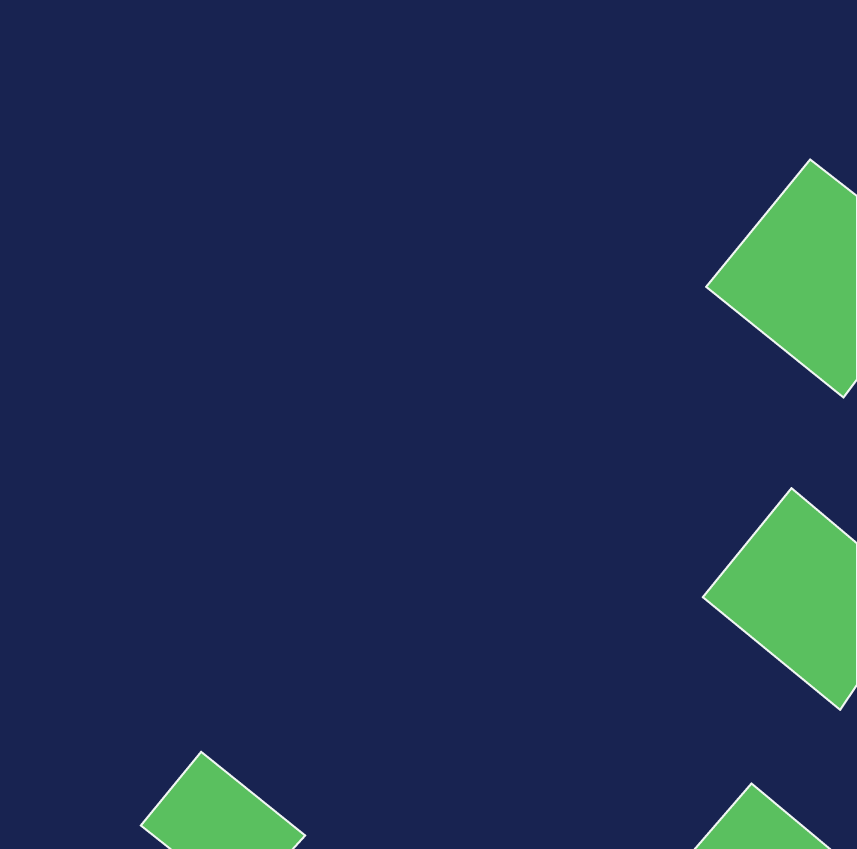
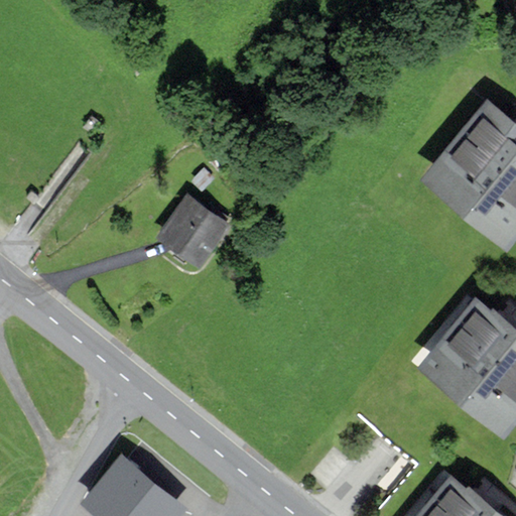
building: none -> [160,199,227,265]

